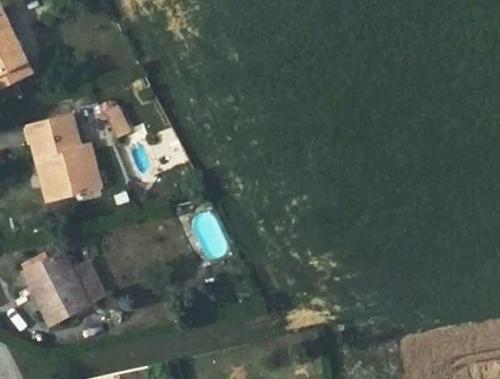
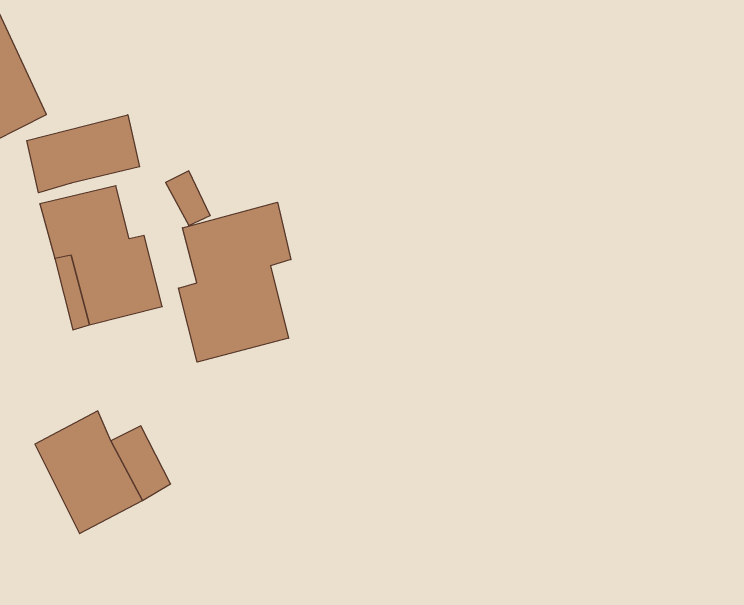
building: none -> [27,115,140,193]
building: none -> [178,202,291,362]

